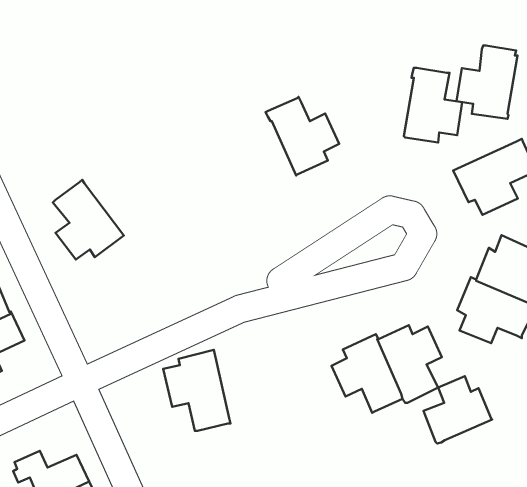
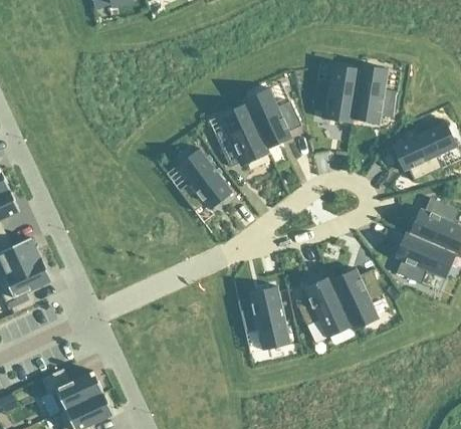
building: [457,45,517,119] -> [311,64,360,123]
building: none -> [214,103,269,167]
building: [53,180,124,260] -> [176,148,232,211]
building: [163,350,230,431] -> [237,285,290,350]
building: [423,376,492,444] -> none

